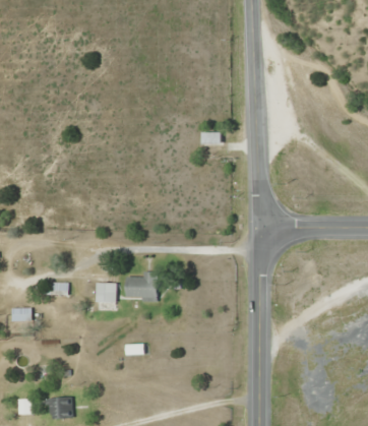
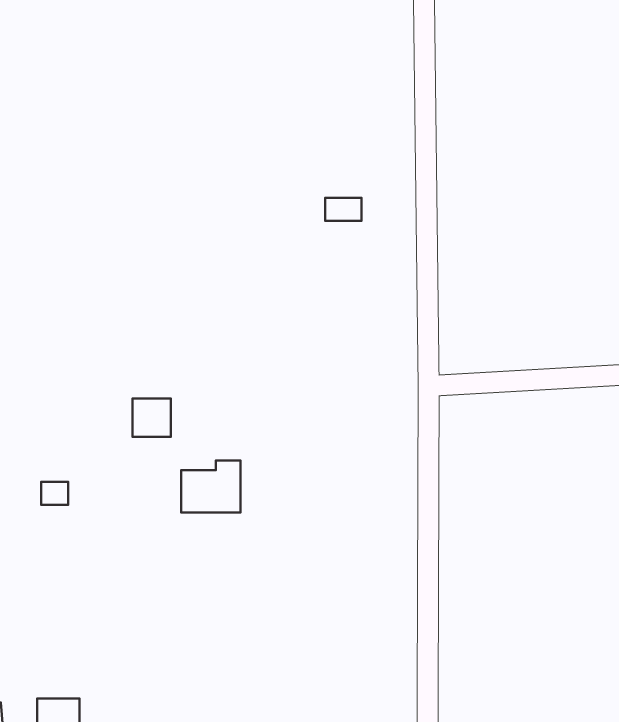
building: [96,282,116,302] -> [132,398,171,437]

